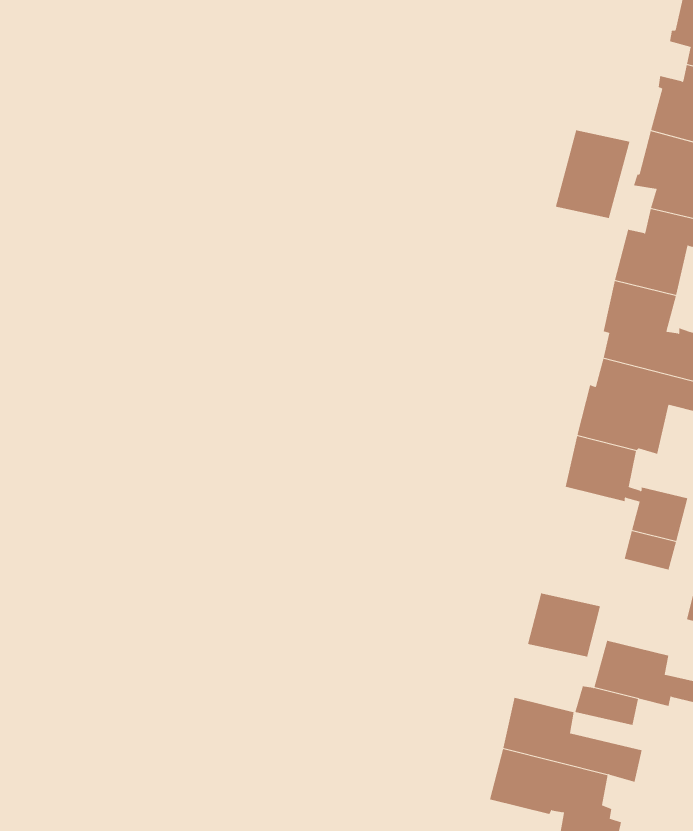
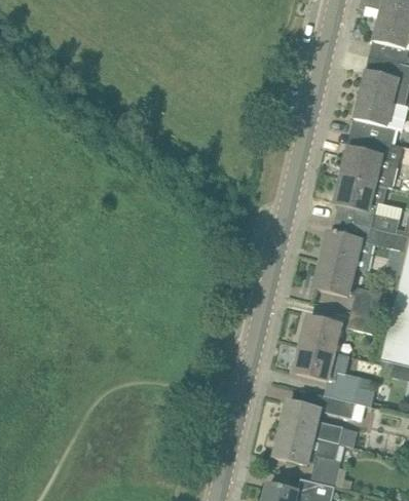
building: [555,129,630,219] -> none
building: none -> [301,317,340,352]

